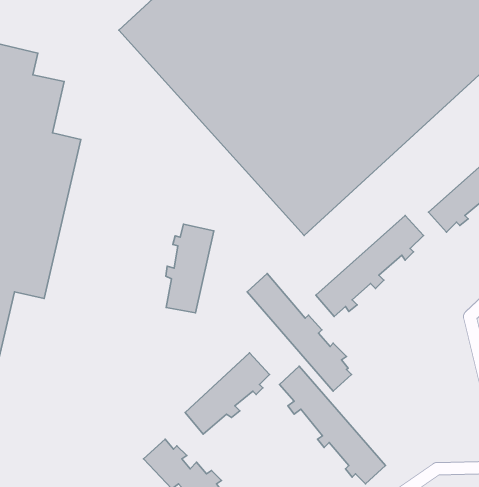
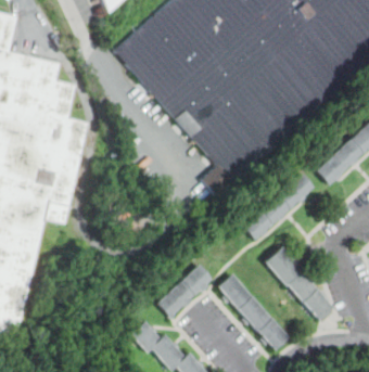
building: [166,224,214,313] -> none
building: [247,274,352,391] -> [265,245,333,322]

